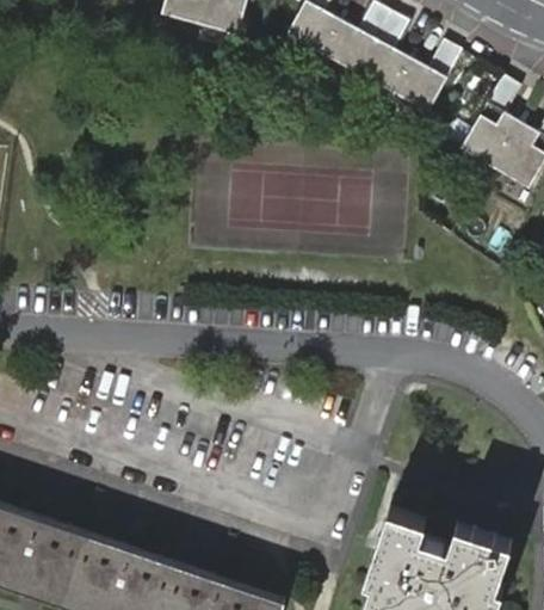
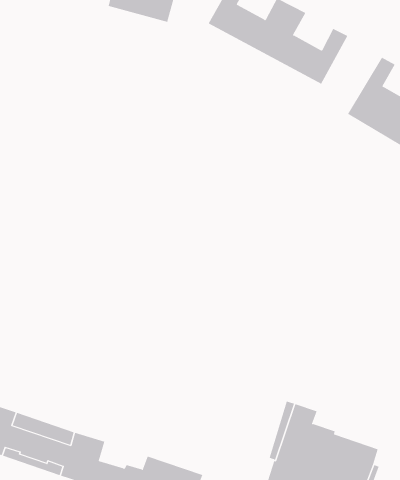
building: [445,525,508,569] -> none
building: [150,560,210,594] -> none

